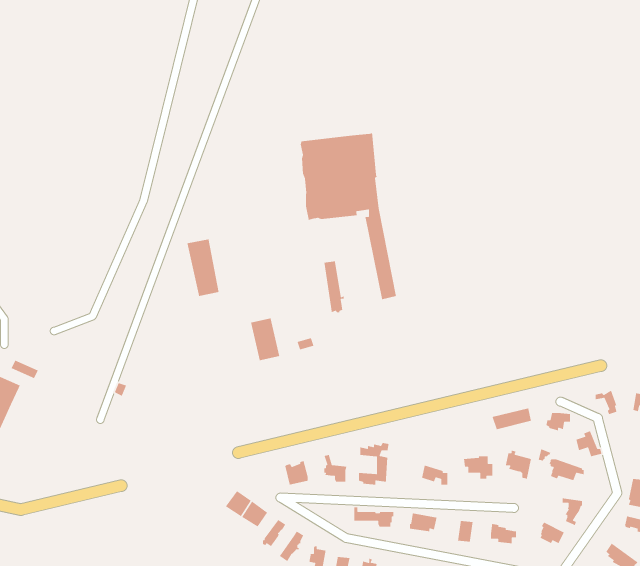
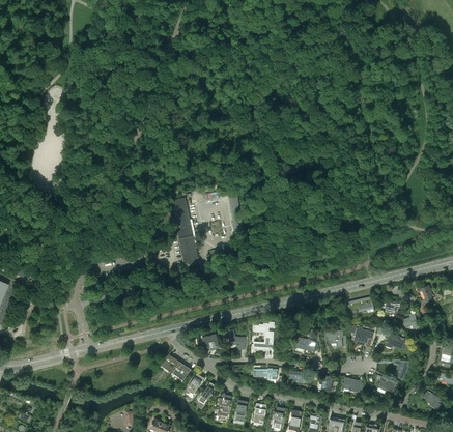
building: [300,133,397,300] -> none
building: [187,238,220,297] -> [169,197,192,237]

